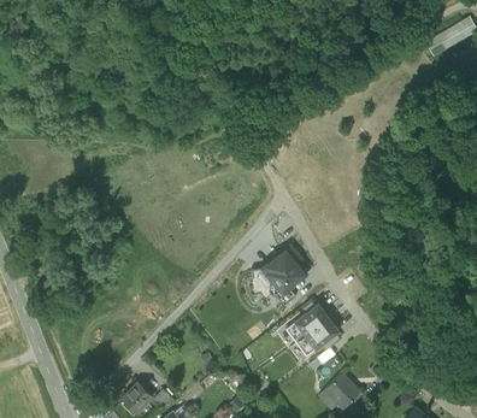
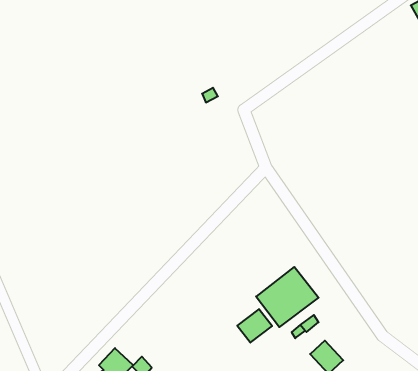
building: [261,247,307,295] -> none
building: none -> [237,309,272,343]

